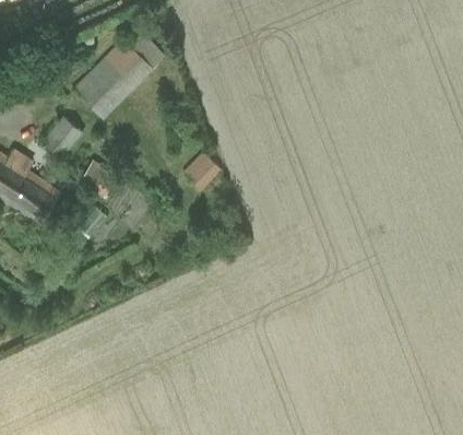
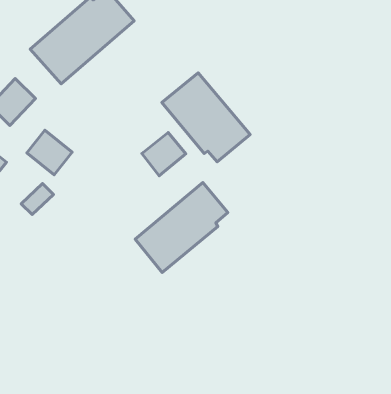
building: none -> [162,73,250,162]
building: none -> [135,183,228,273]

